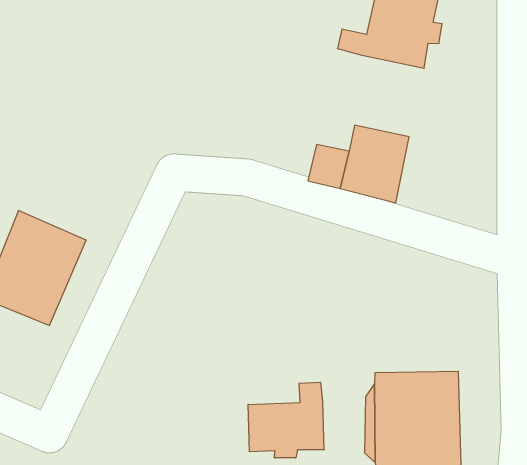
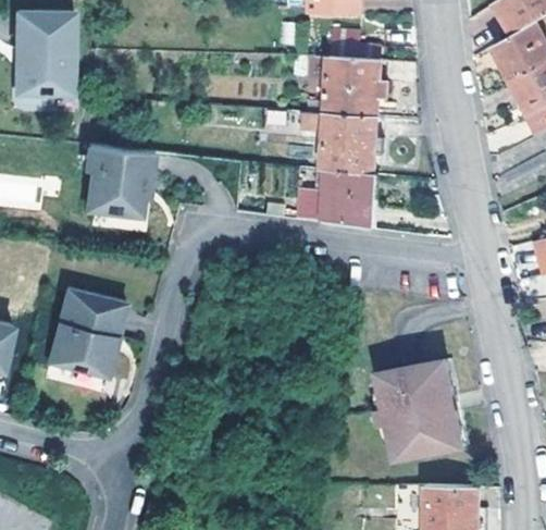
building: none -> [297,113,385,175]
building: none -> [87,148,153,215]
building: [248,382,324,458] -> none

